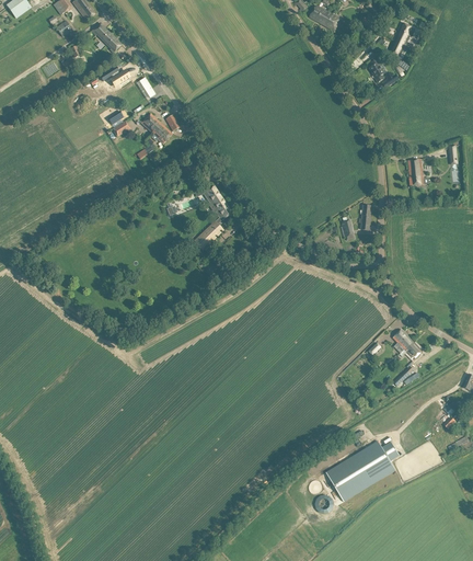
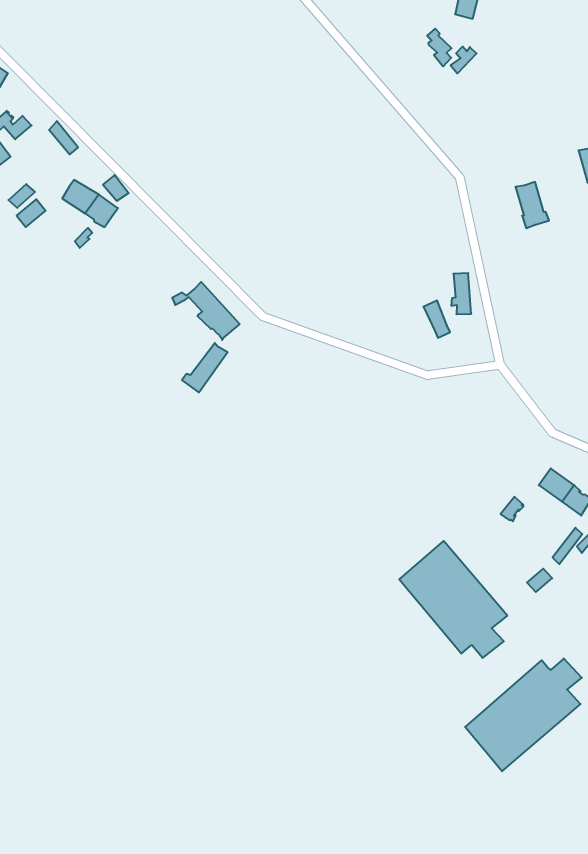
building: none -> [399,541,507,658]

